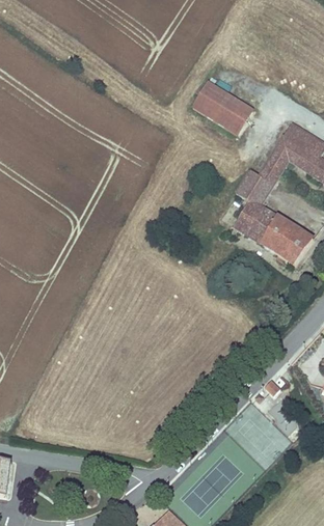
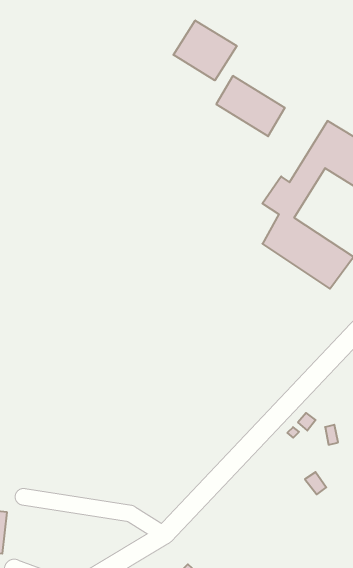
building: none -> [173,20,237,80]

